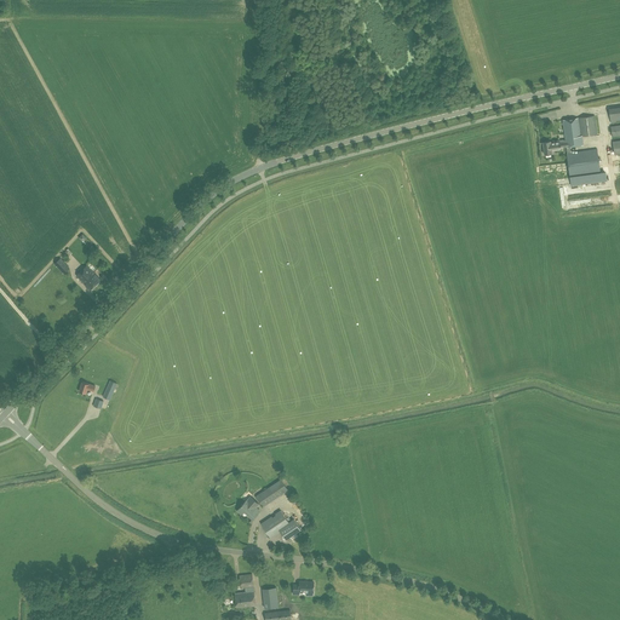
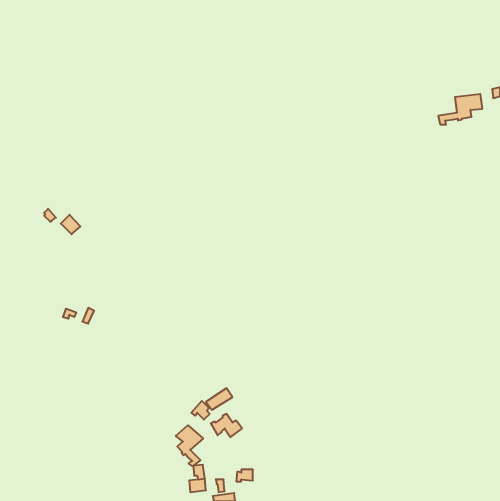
building: [566,148,605,185] -> none
building: none -> [176,425,203,466]

